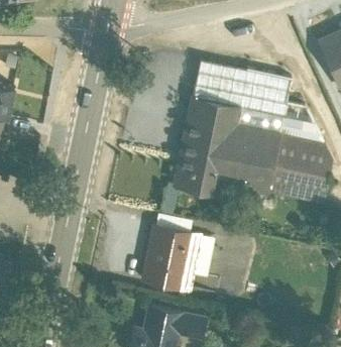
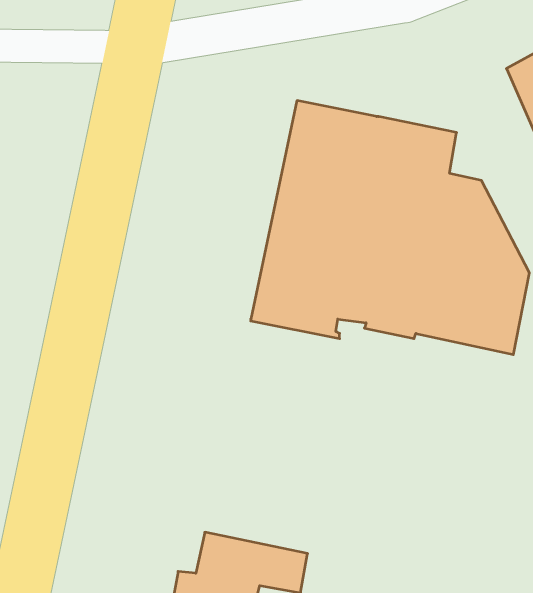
building: [142,214,215,291] -> none

